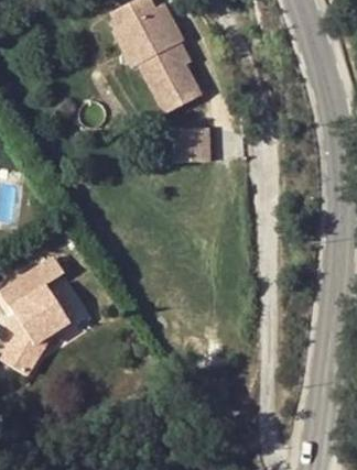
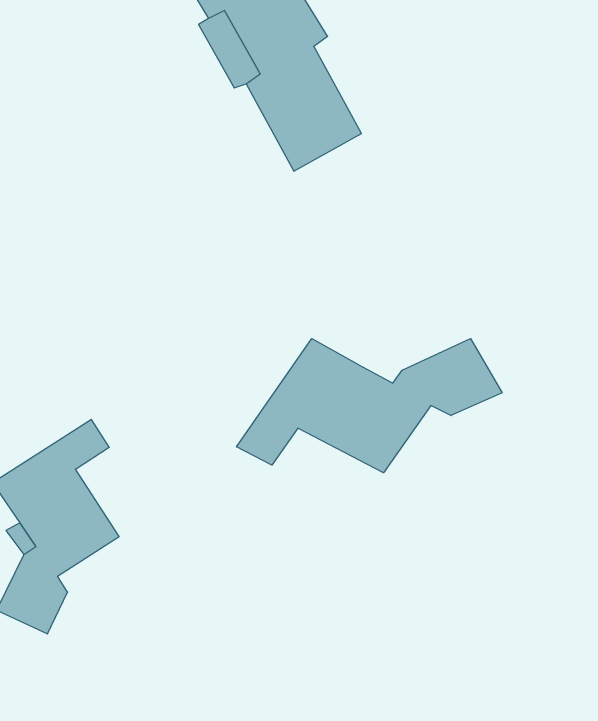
building: [175,133,212,165] -> none
building: none -> [237,339,502,473]

